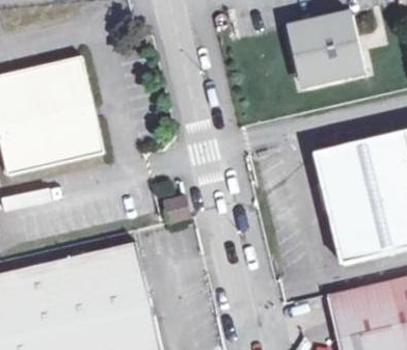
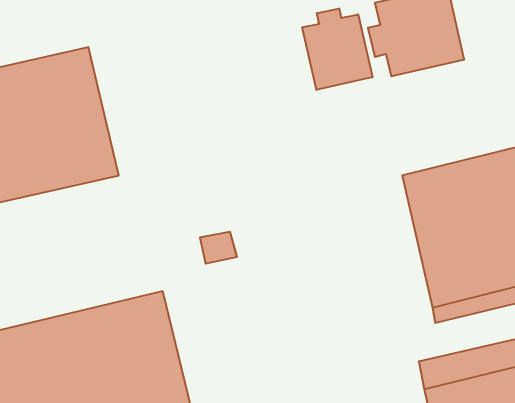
building: none -> [302,8,372,90]

